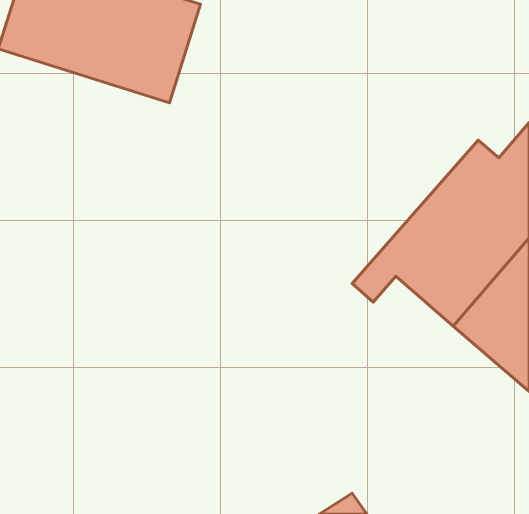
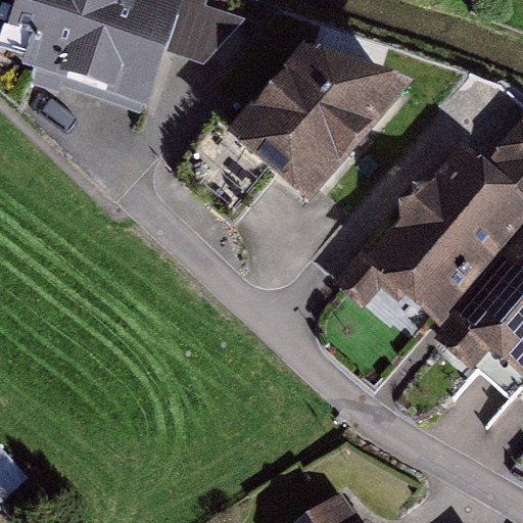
building: none -> [231,49,409,197]

